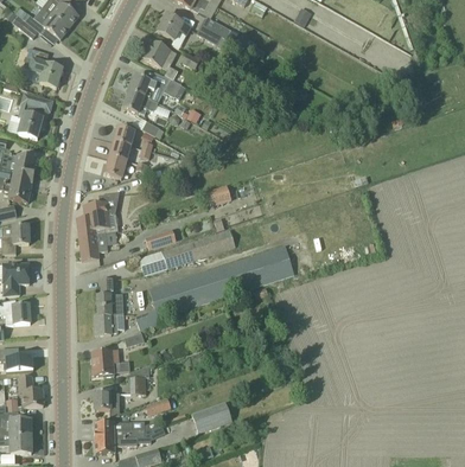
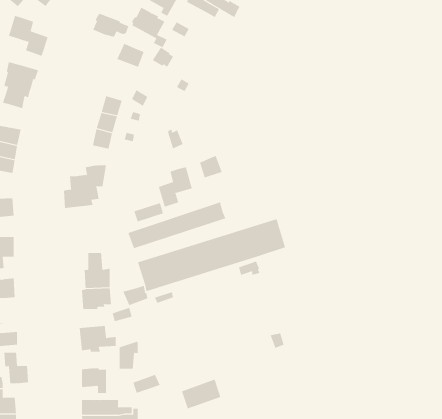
building: [123,90,159,114] -> [93,13,129,37]
building: none -> [158,166,192,208]
building: [78,232,109,260] -> none

